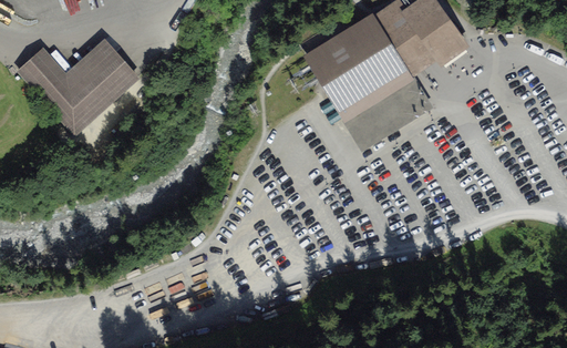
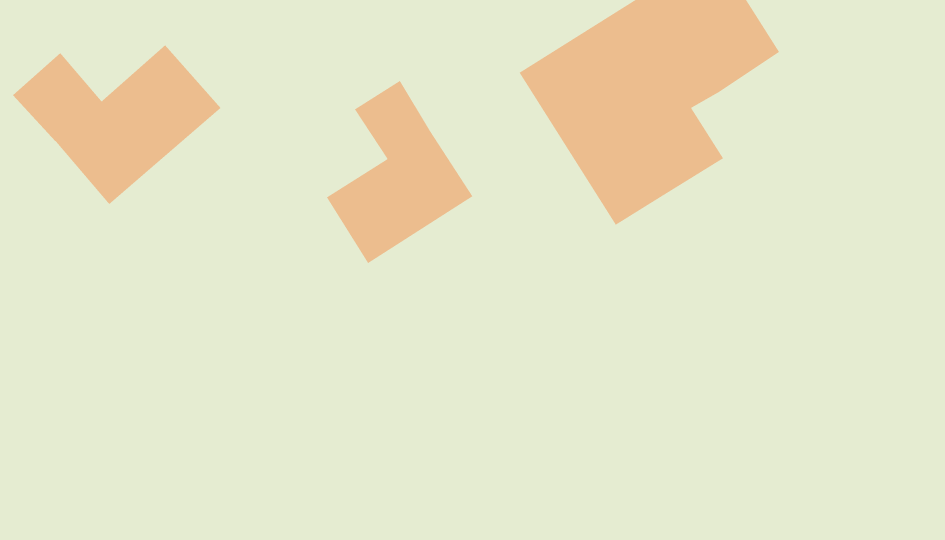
building: none -> [326,80,474,264]

